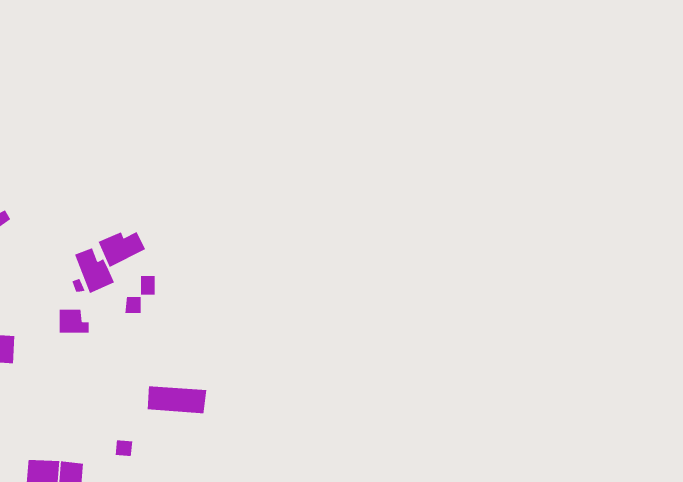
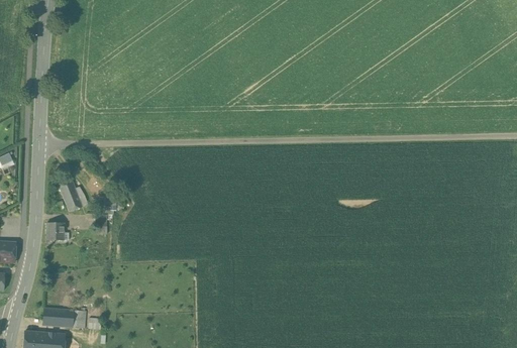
building: [98,231,146,268] -> none
building: [147,386,207,414] -> [42,308,86,328]

